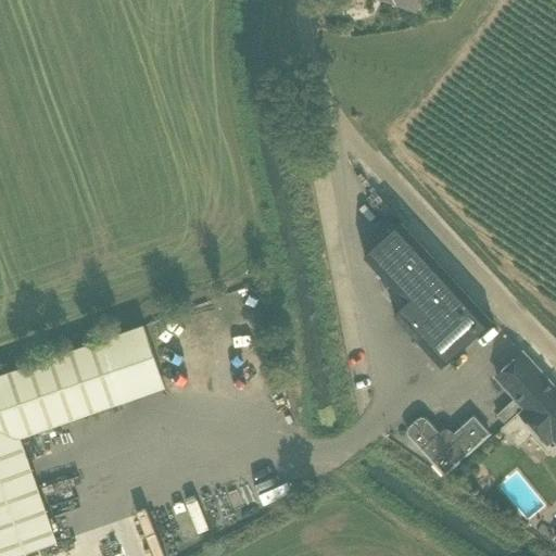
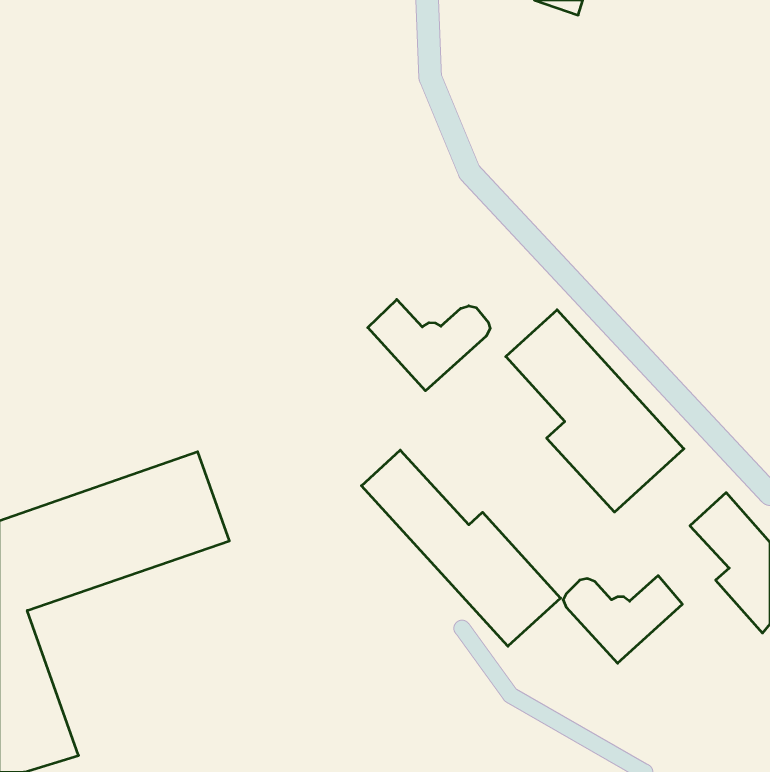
building: none -> [368,299,490,391]
building: none -> [361,450,561,646]

